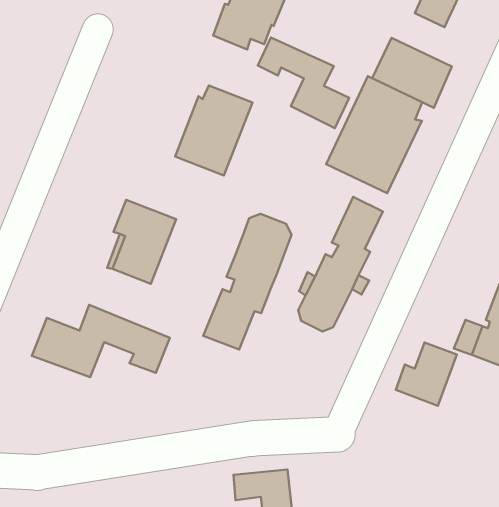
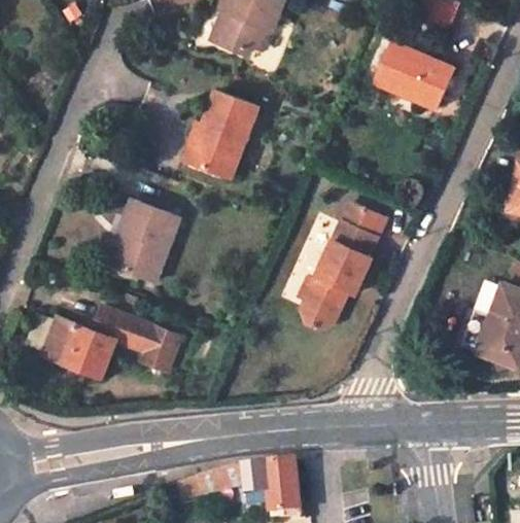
building: [258,38,349,128] -> none
building: [326,76,422,193] -> none
building: [203,214,291,350] -> none
building: [396,343,457,406] -> none

